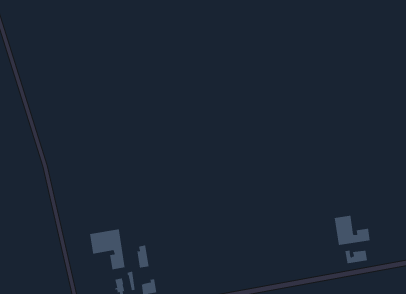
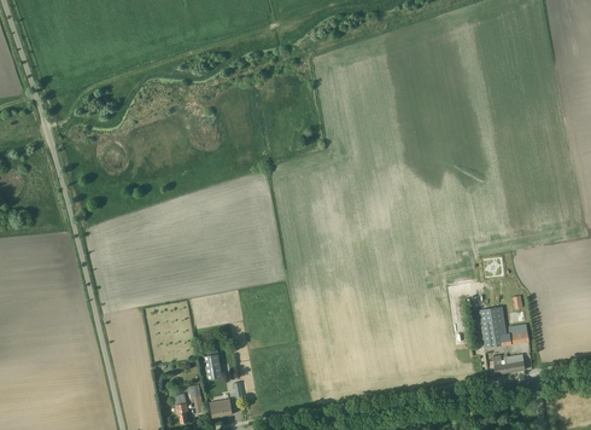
building: [89,229,125,270] -> none

